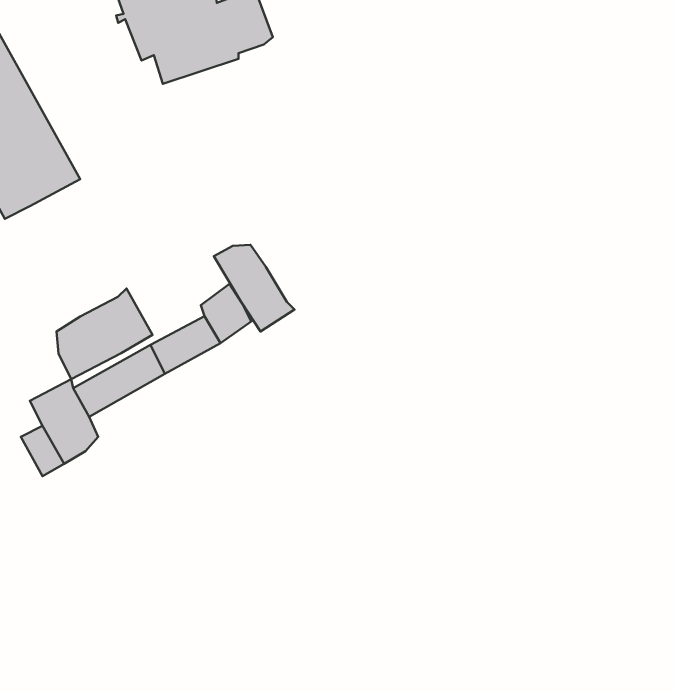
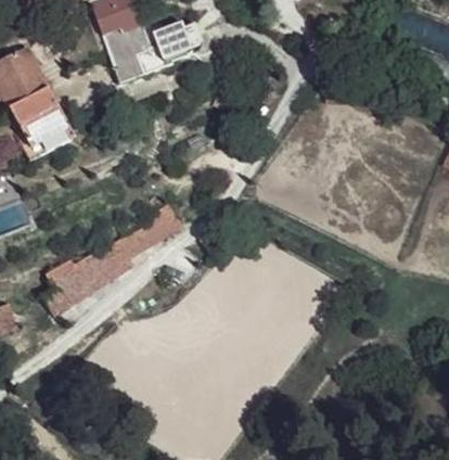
building: [214,245,295,331] -> none
building: [56,289,152,379] -> none

